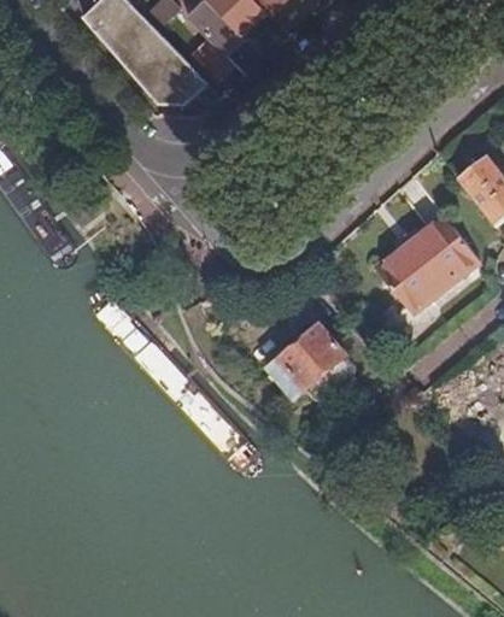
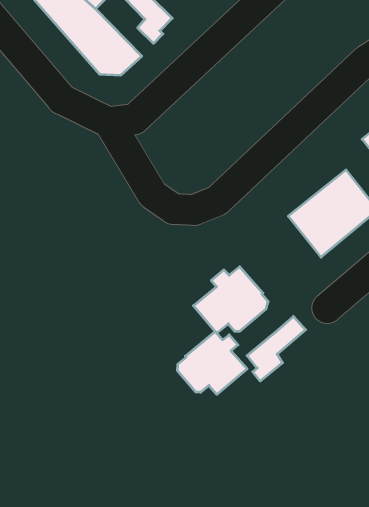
building: none -> [247,316,306,381]
building: none -> [178,332,247,394]

